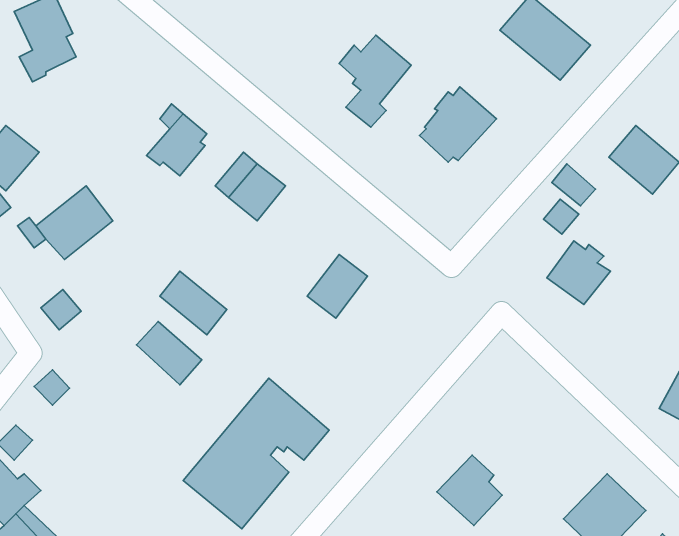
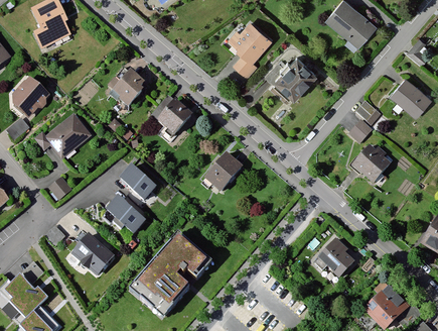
building: none -> [72,234,114,274]
building: [437,455,502,525] -> [314,240,353,283]

